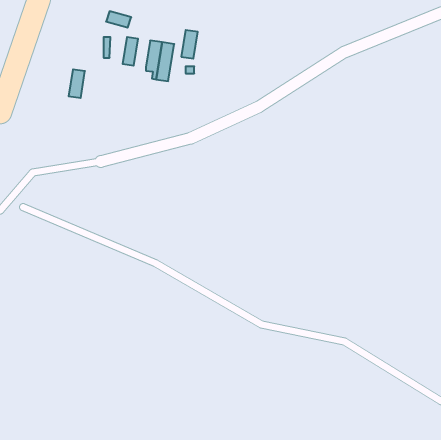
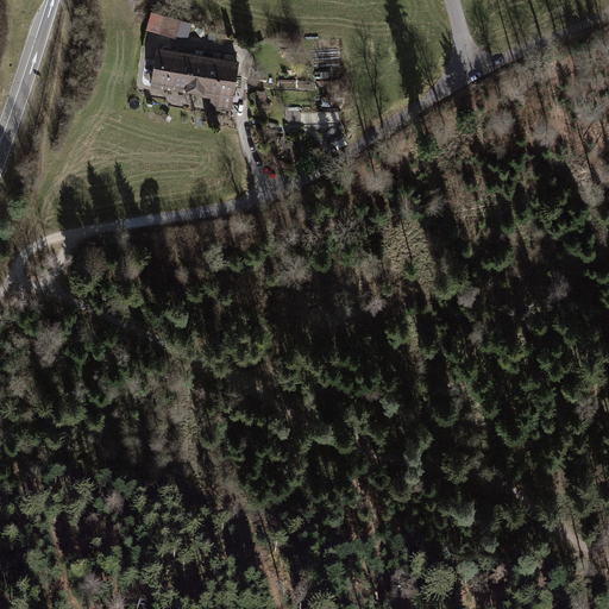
building: [181,30,198,59] -> [184,54,207,93]
building: [69,69,85,98] -> [152,49,175,88]

